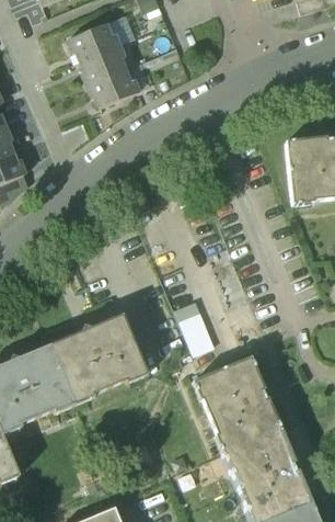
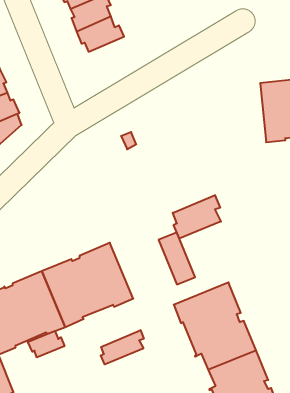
building: none -> [173,195,221,239]
building: none -> [101,330,144,364]
building: none -> [28,331,64,357]

